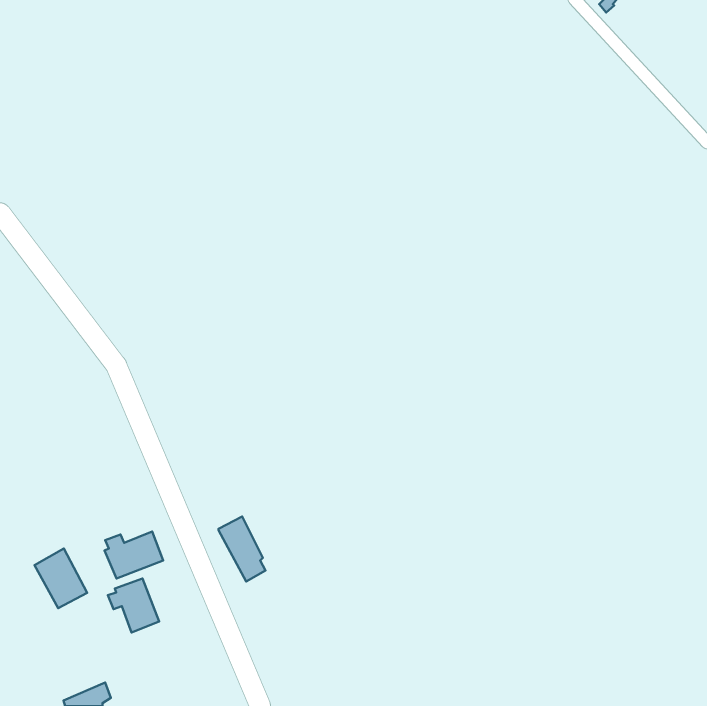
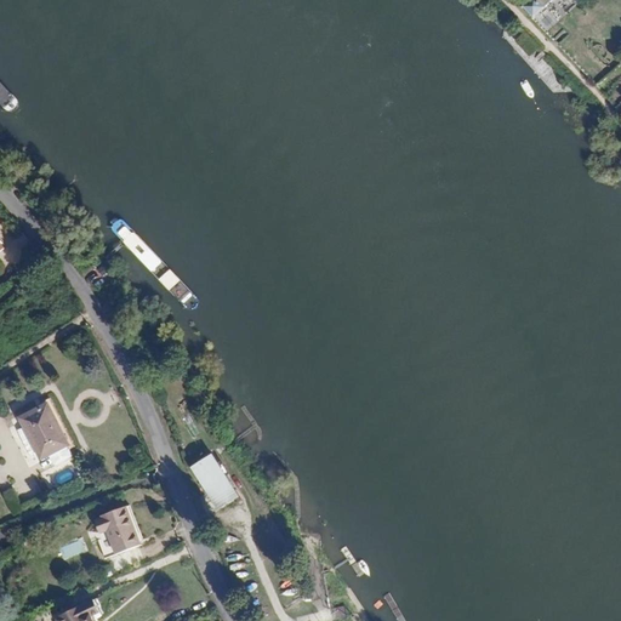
building: [105,532,163,579] -> none
building: [35,549,87,608] -> [21,404,67,456]

